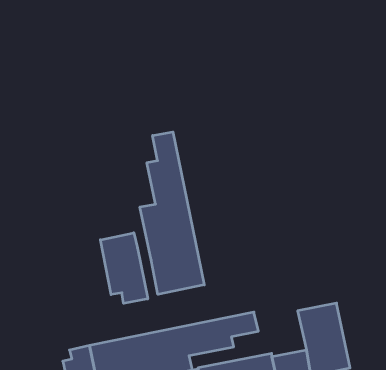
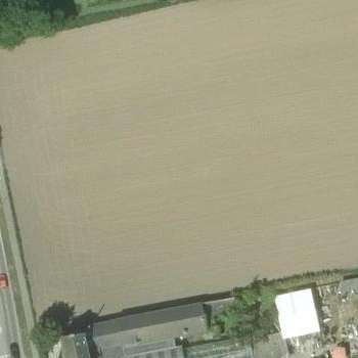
building: [140,132,204,294] -> none
building: [100,233,148,303] -> none

